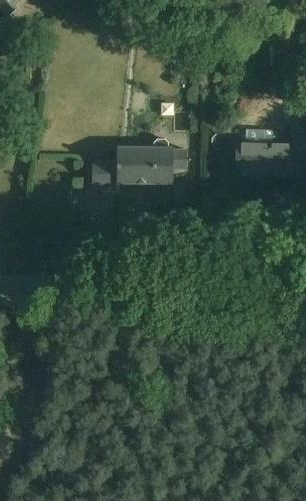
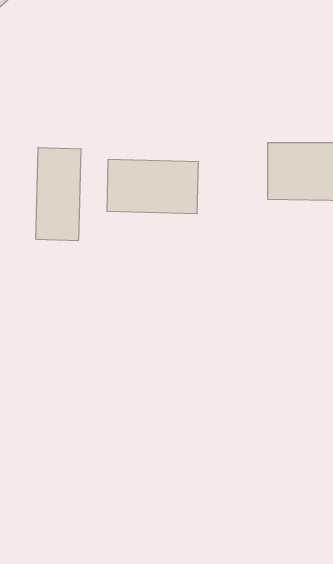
building: none -> [36,147,81,241]

